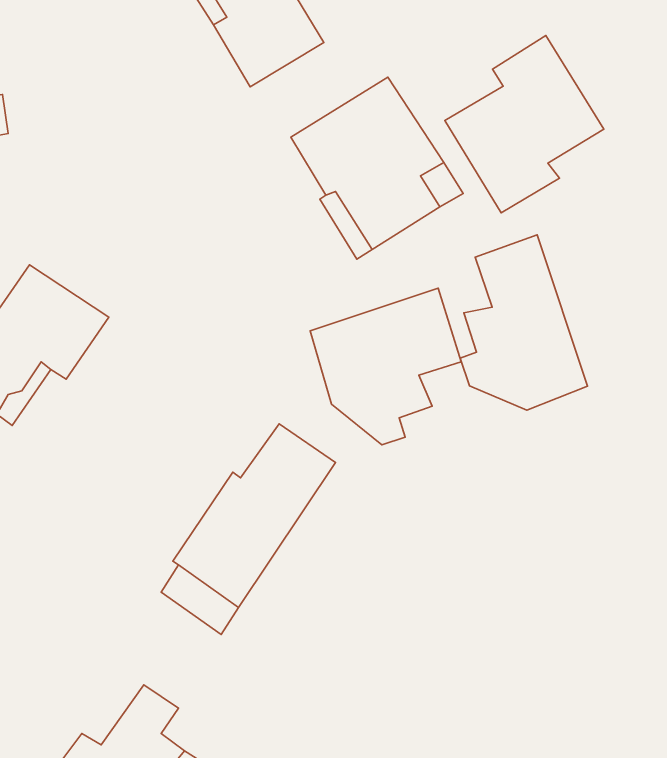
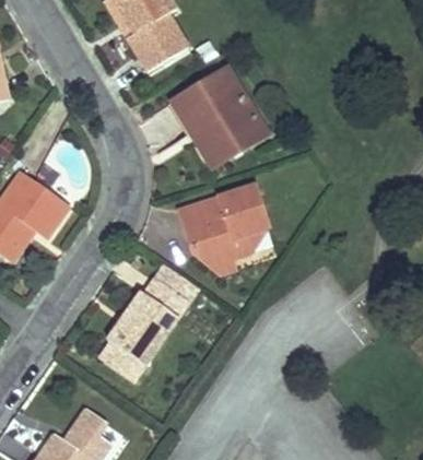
building: [445,36,604,213] -> none
building: [460,235,588,410] -> none

